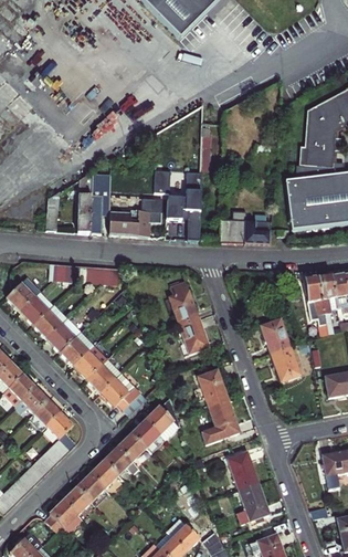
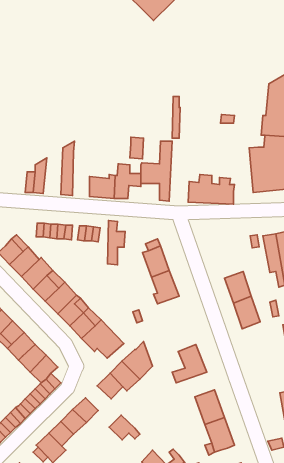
building: [89,185,109,234] -> [108,221,125,265]
building: [197,369,228,408] -> none
building: [104,446,138,474] -> [109,415,140,440]

